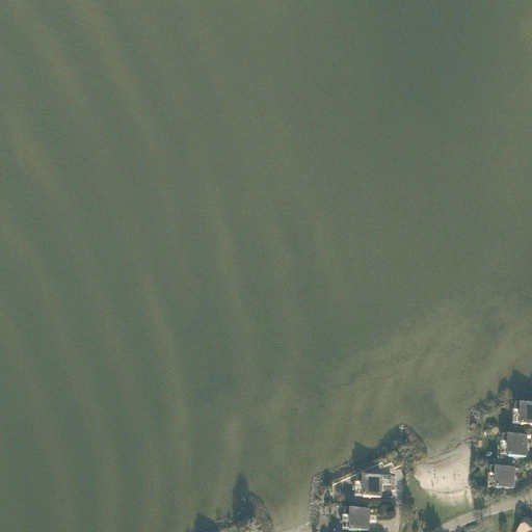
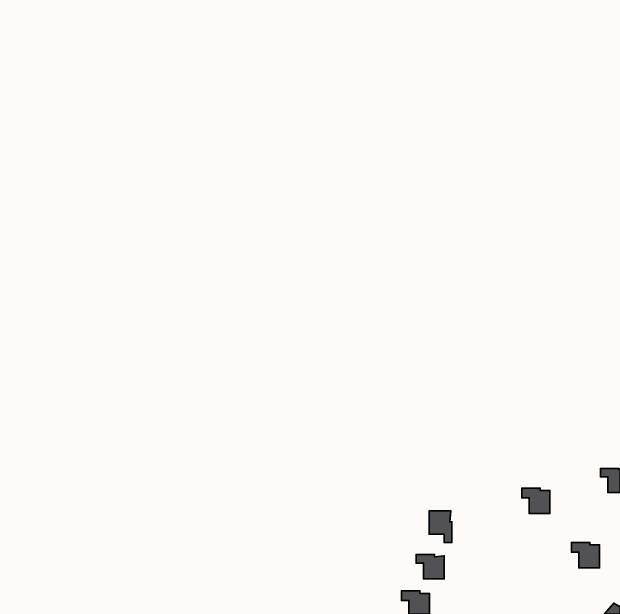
building: [502,432,526,454] -> [522,488,550,514]
building: none -> [429,511,452,543]

